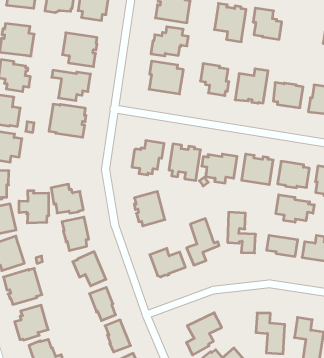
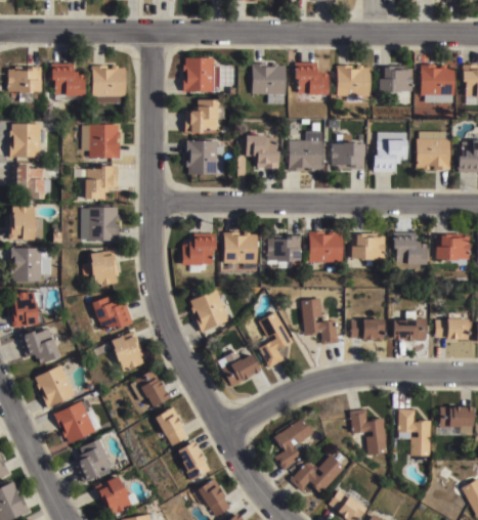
building: none -> [337,64,371,100]
building: [19,191,49,223] -> [82,249,119,287]
building: [276,195,314,222] -> none

